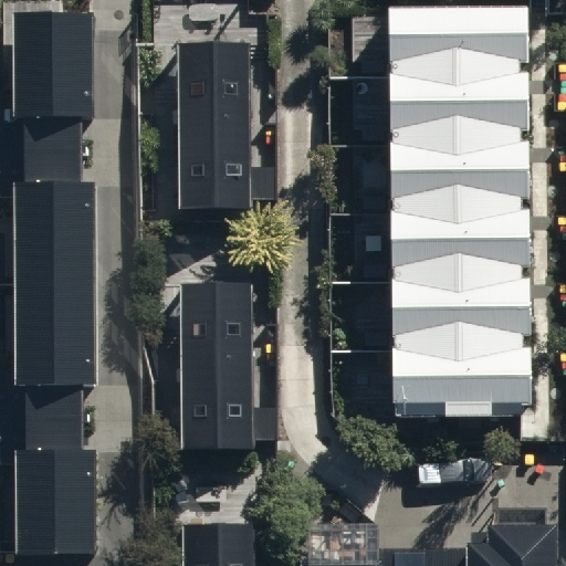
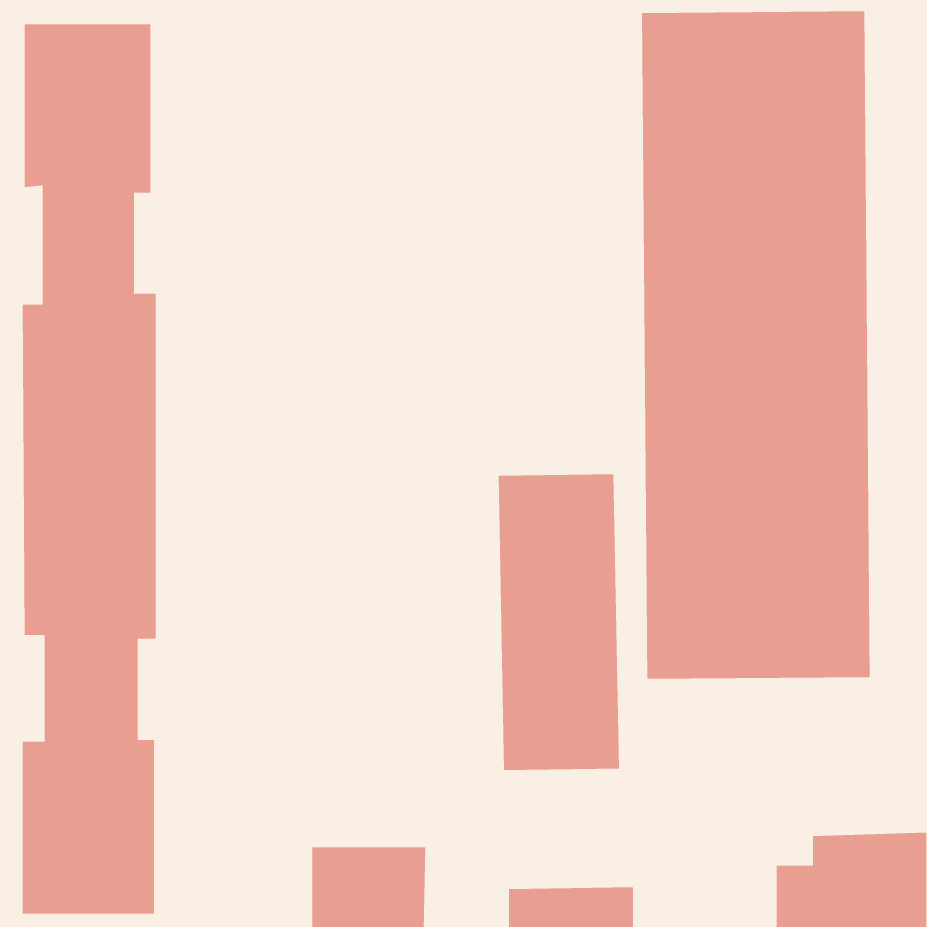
building: [182,33,254,207] -> none
building: [185,271,259,451] -> [498,474,620,771]

